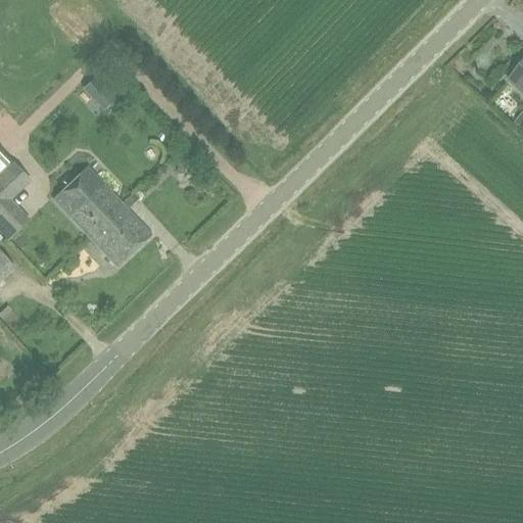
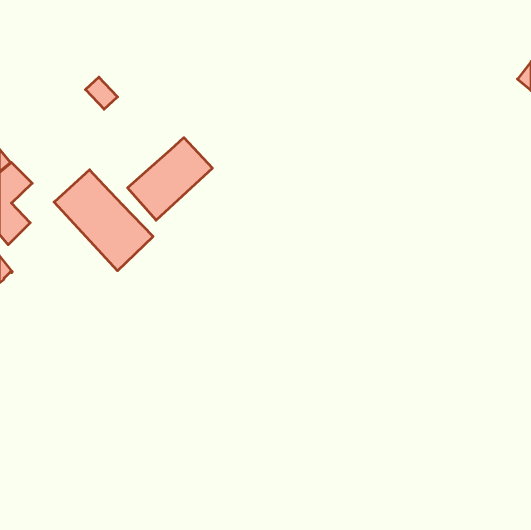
building: none -> [128,138,212,220]

